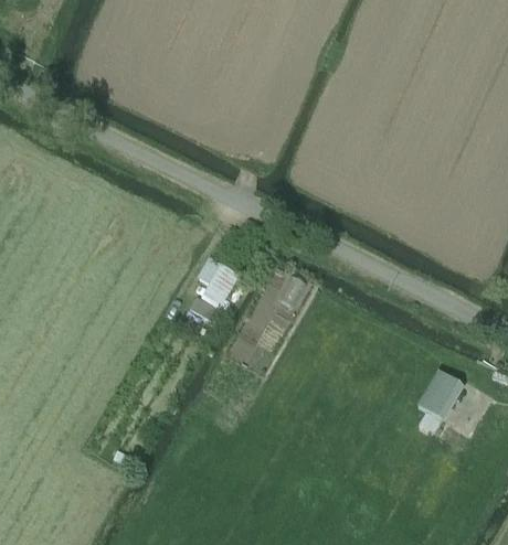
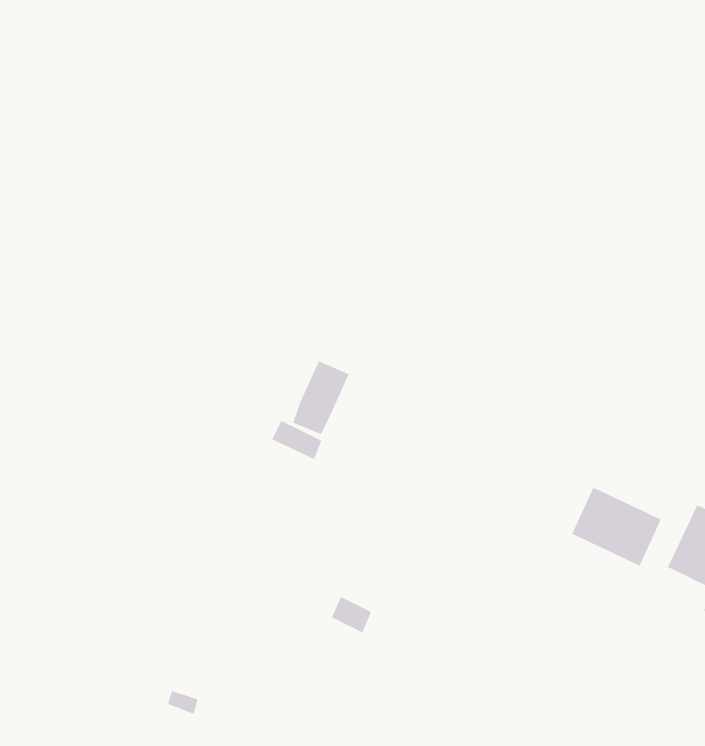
building: none -> [572,487,662,566]

